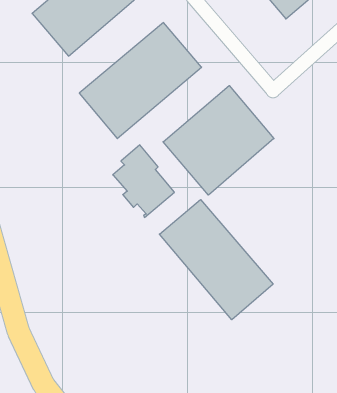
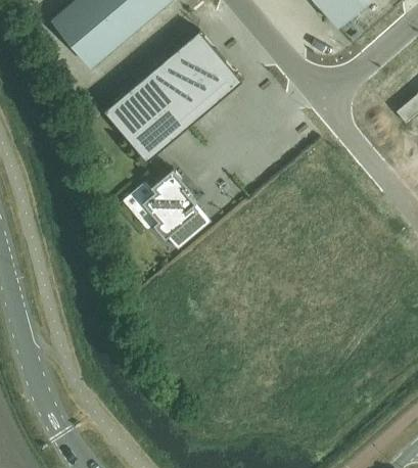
building: [163,86,274,195] -> none
building: [159,200,273,320] -> none

